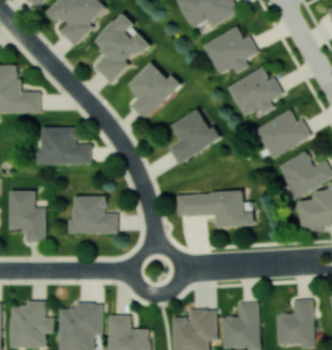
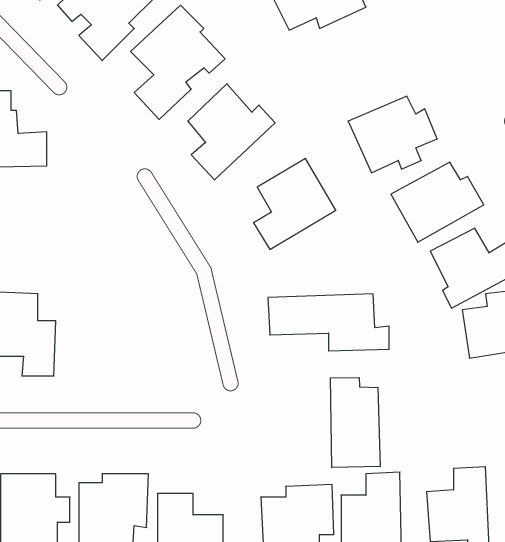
building: [203,26,258,74] -> none
building: [38,127,91,163] -> none
building: [69,195,118,233] -> none
building: none -> [330,378,380,468]

